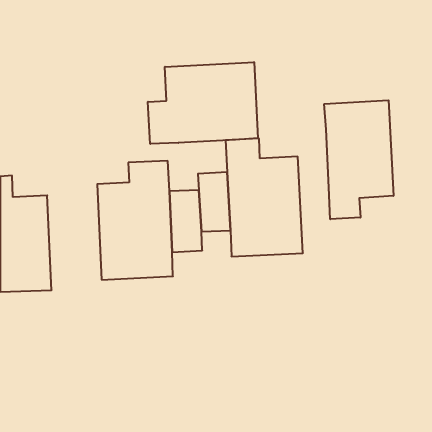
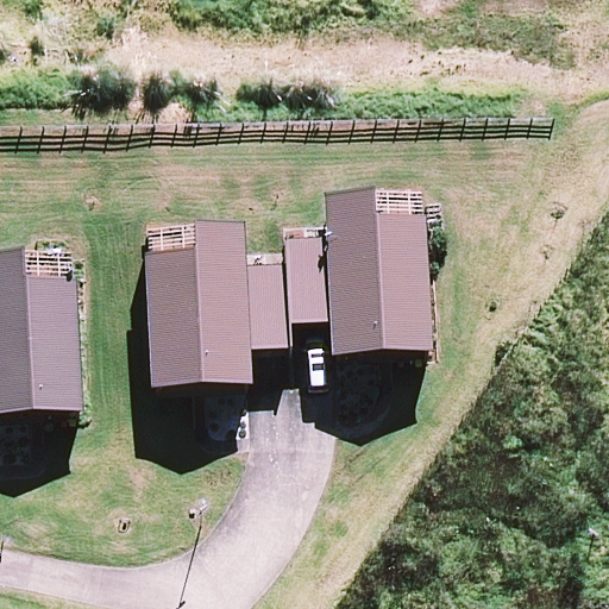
building: [148,62,258,144] -> none
building: [324,100,393,219] -> none

